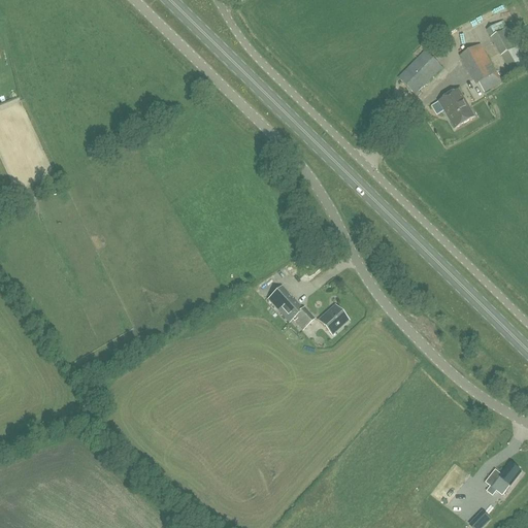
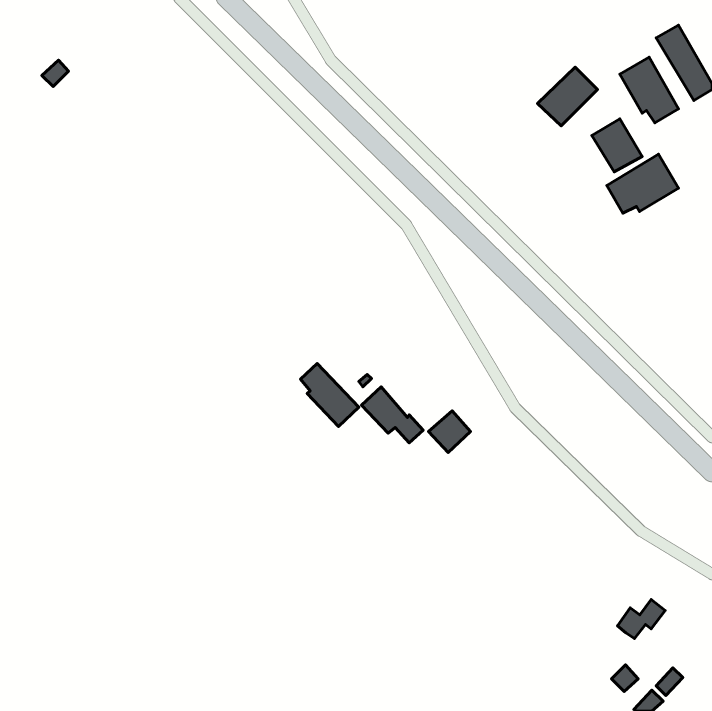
building: none -> [607,154,679,213]
building: none -> [300,364,359,426]
building: [485,462,520,491] -> [618,599,665,638]

